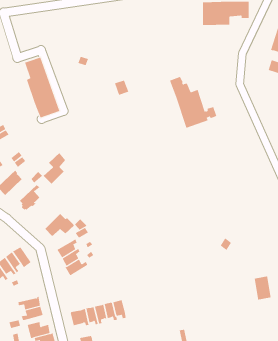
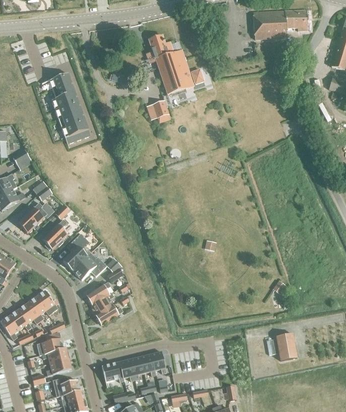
building: [169,76,217,128] -> [149,35,204,95]
building: [43,152,66,185] -> [62,234,89,271]
building: [254,276,271,300] -> [276,333,296,361]
building: none -> [36,333,63,356]

